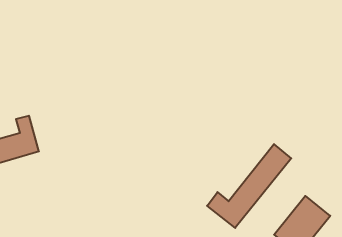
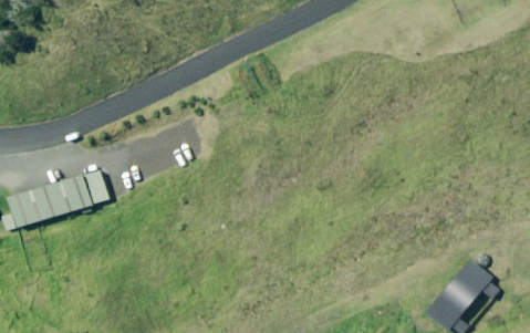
building: [207,144,291,228] -> none

